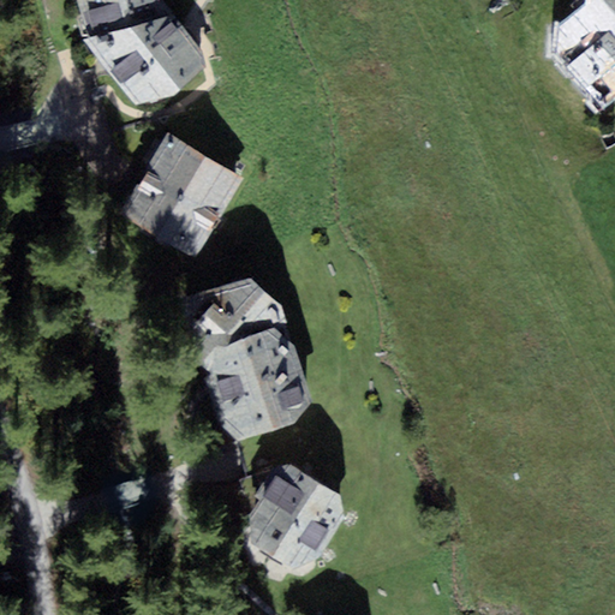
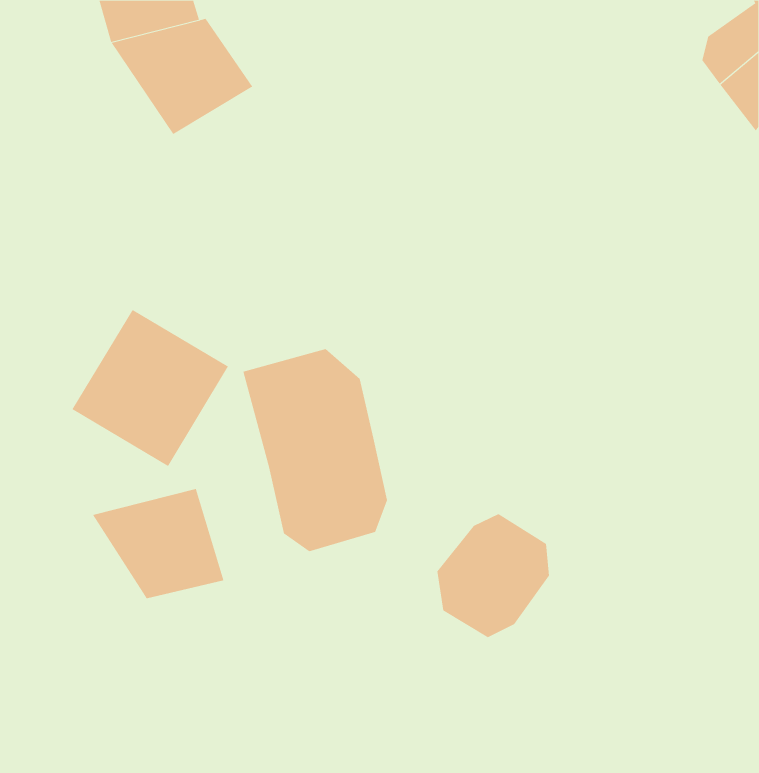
building: [112,131,237,256] -> [71,309,229,467]
building: none -> [92,488,224,599]
building: [252,471,342,569] -> [436,514,550,638]

